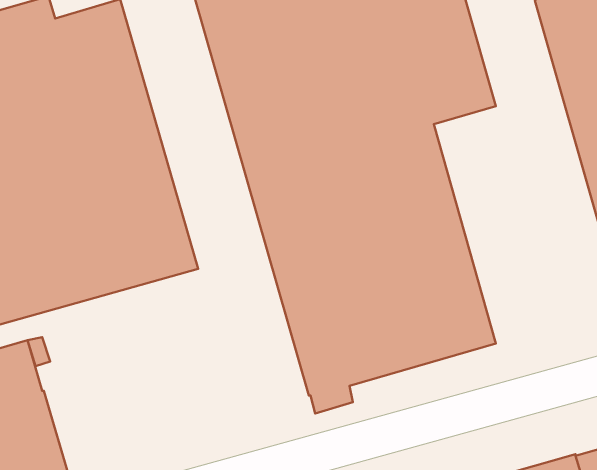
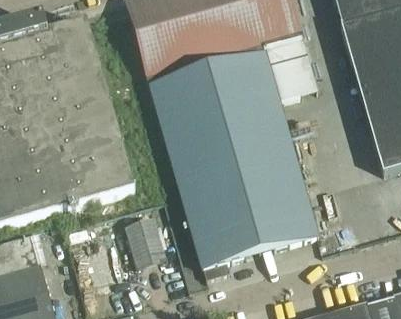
building: none -> [125,217,165,264]

